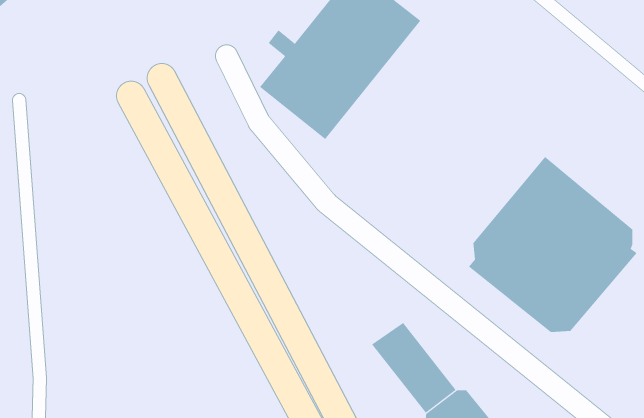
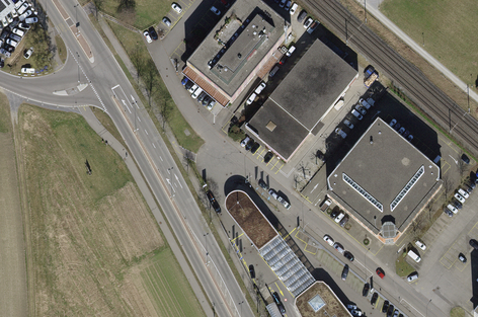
building: none -> [239,37,358,157]
building: none -> [226,188,281,247]

